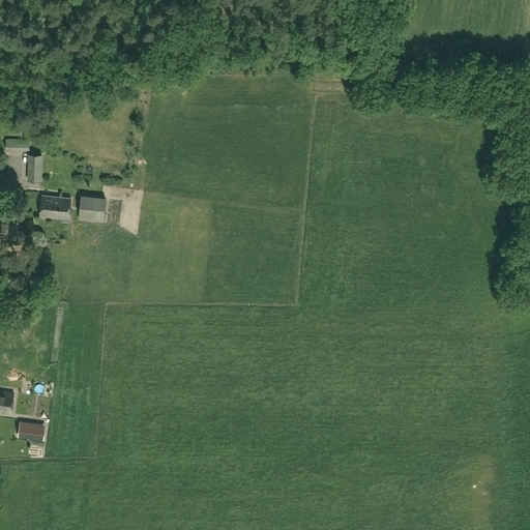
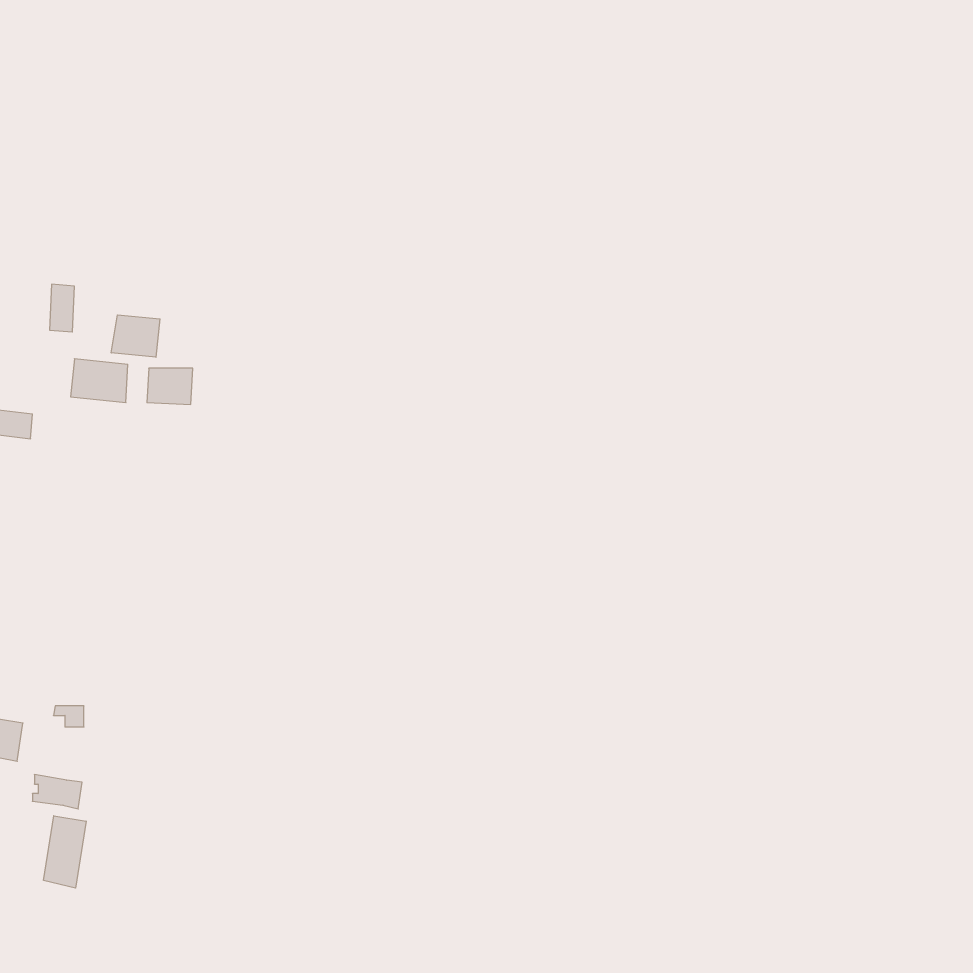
building: none -> [111,315,160,357]
building: none -> [44,816,86,888]

